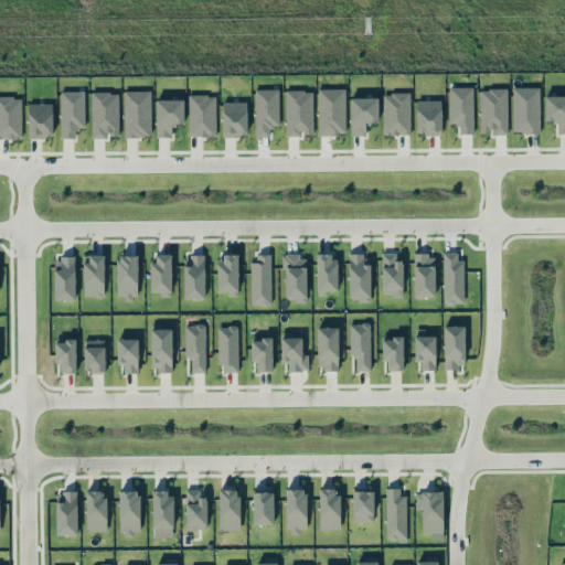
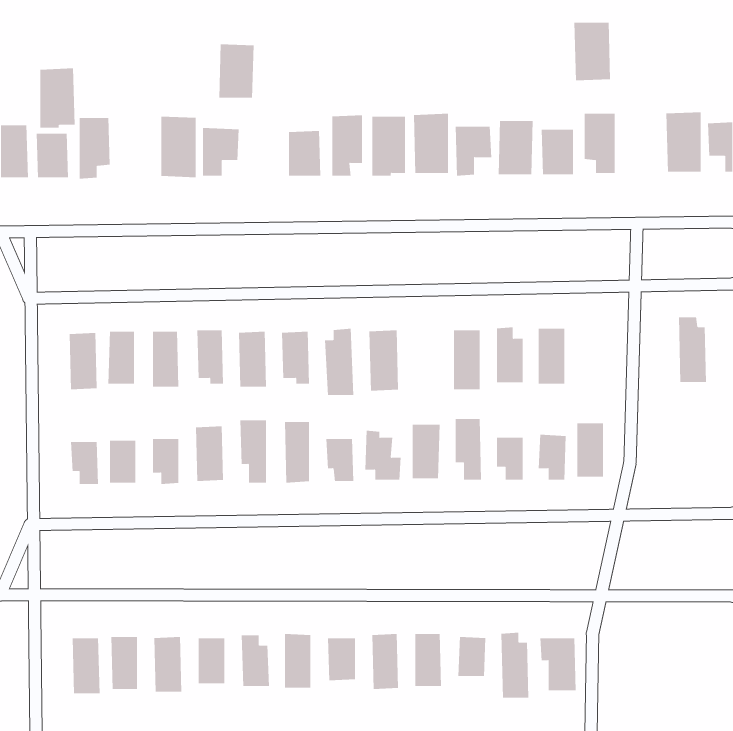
building: [479,89,508,135] -> [574,22,611,81]
building: [92,92,119,138] -> [40,68,75,128]
building: [189,95,216,137] -> [218,44,254,98]
building: [443,253,465,303] -> [678,317,707,383]
building: [316,255,338,296] -> none

